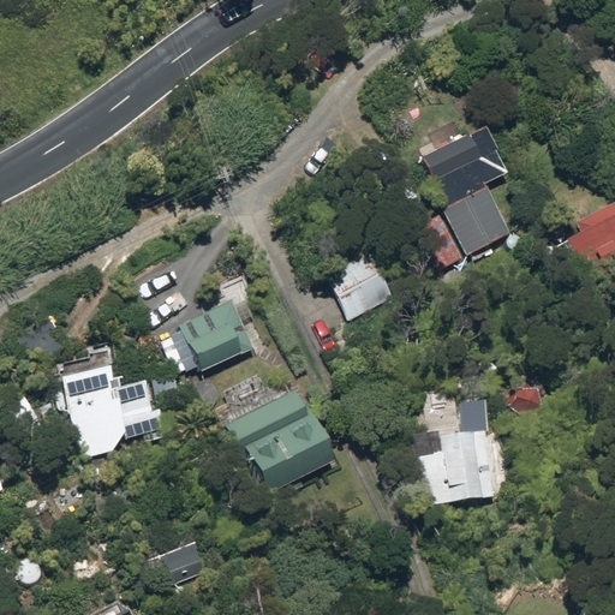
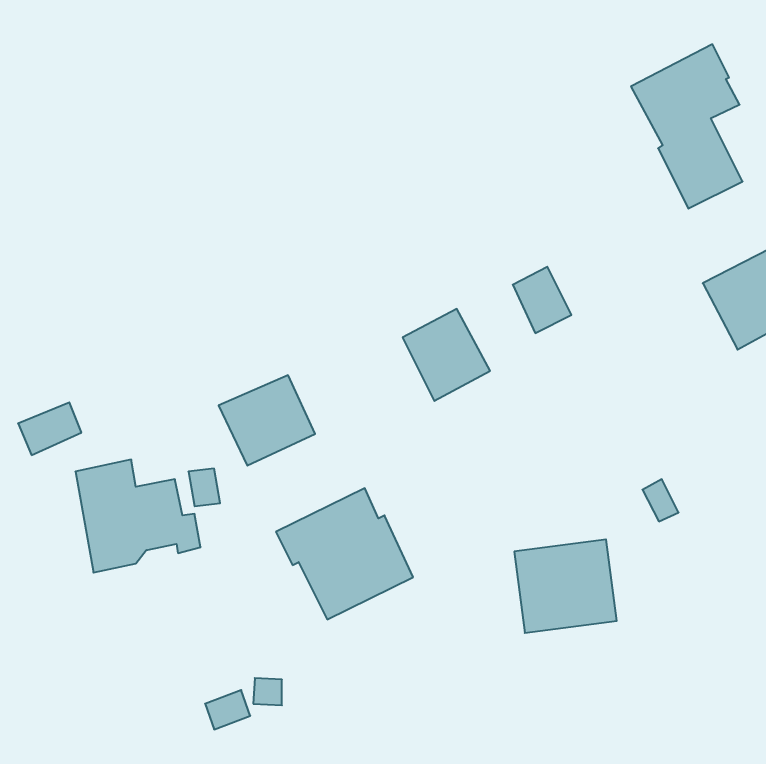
building: [422,123,510,253] -> [631,44,743,209]

